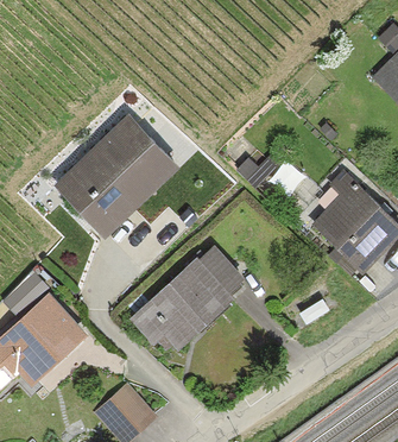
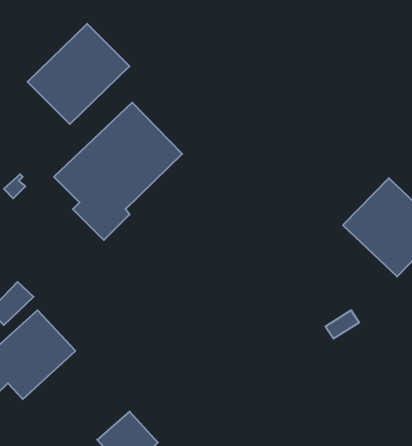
building: none -> [27,24,130,124]
building: [137,252,242,352] -> none

